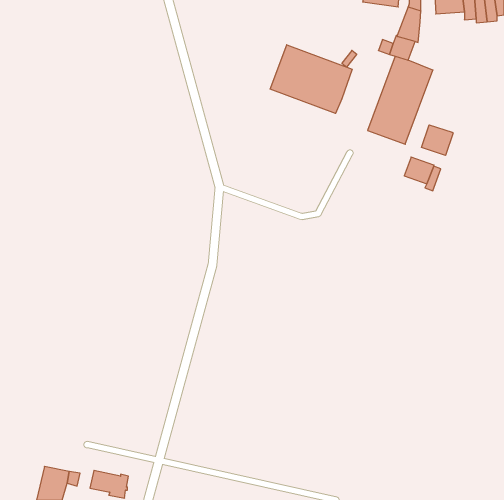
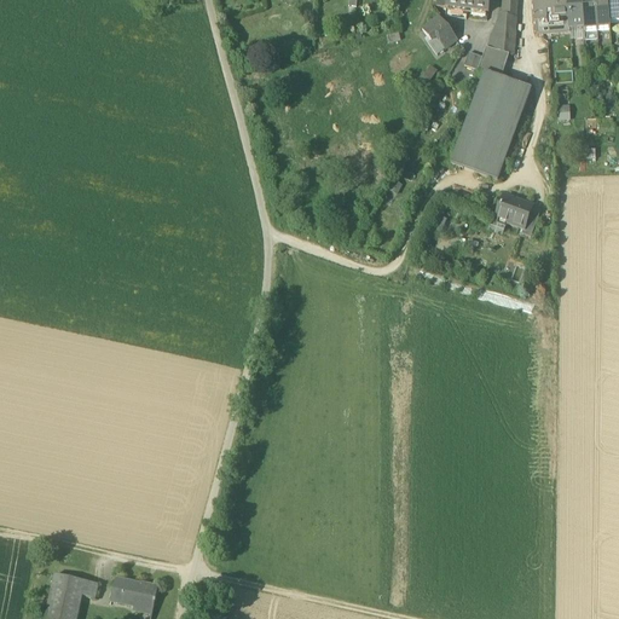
building: none -> [421,12,456,51]
building: [270,45,352,113] -> none
building: [421,125,453,155] -> none

